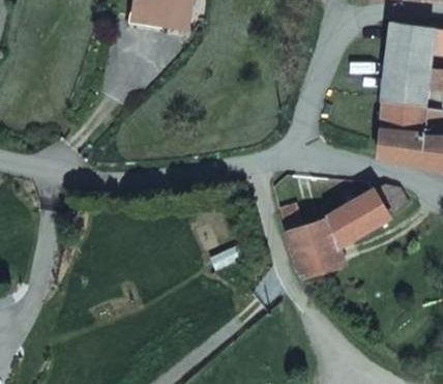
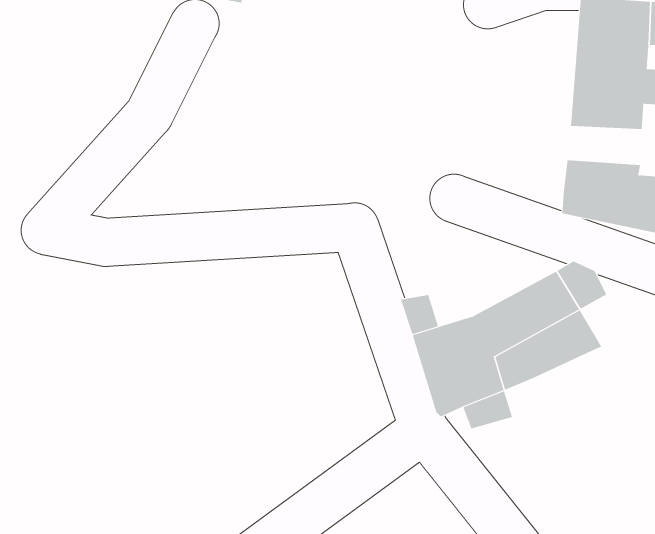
building: [380,101,426,125] -> none

